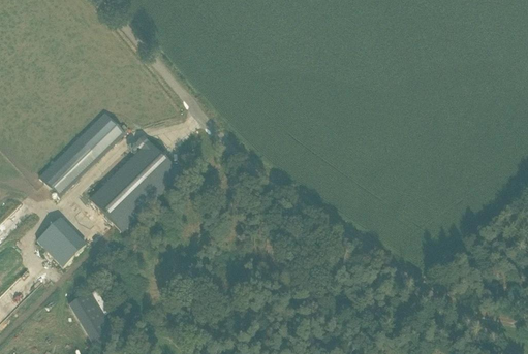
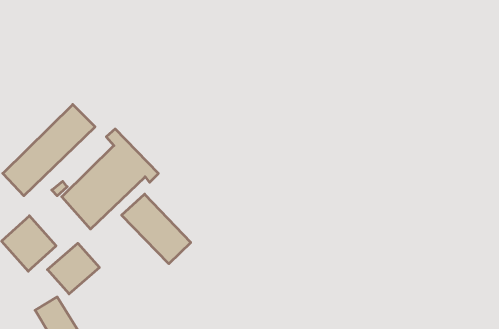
building: none -> [122,194,191,264]
building: none -> [47,243,99,294]

